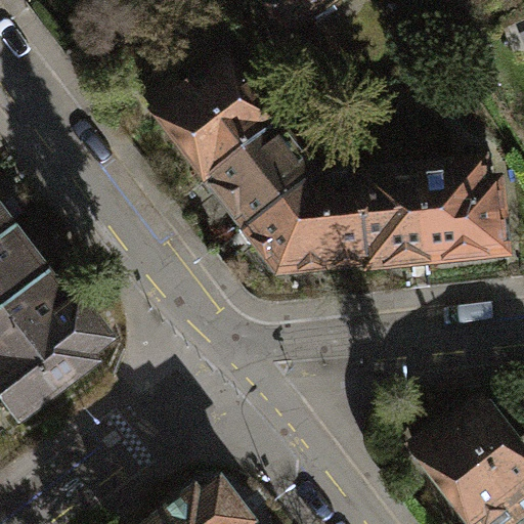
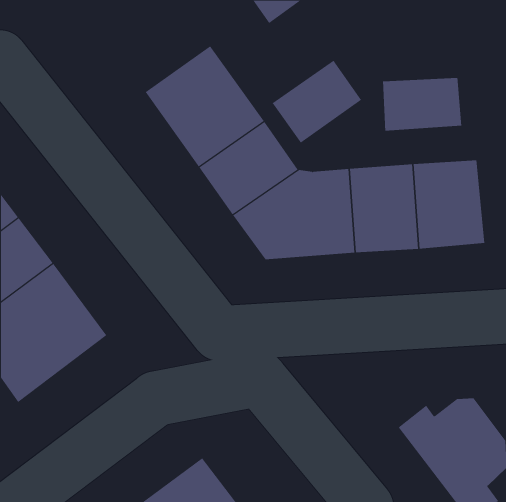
building: none -> [272,60,362,144]
building: none -> [383,77,462,132]

